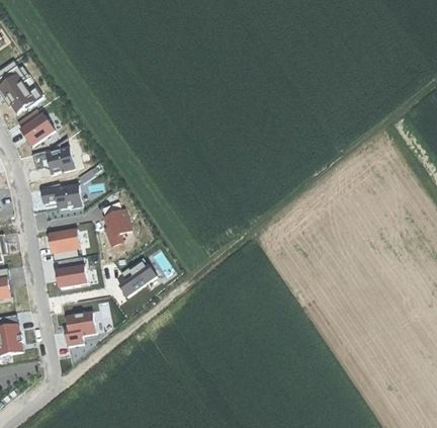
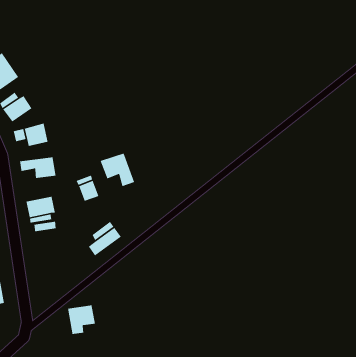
building: none -> [100,153,135,187]
building: [55,267,87,287] -> none
building: [61,312,93,346] -> [67,305,96,335]

